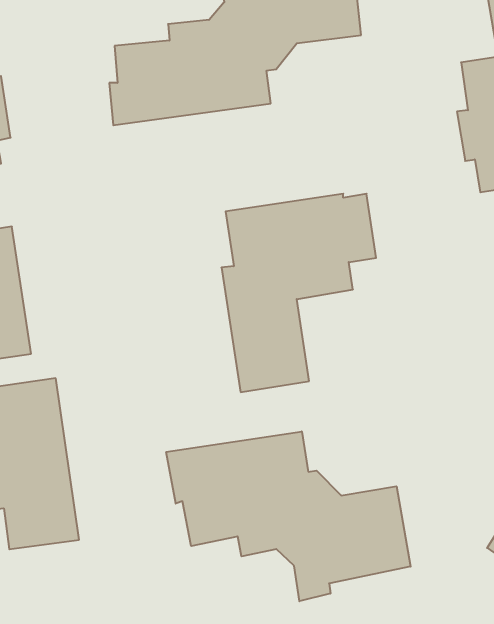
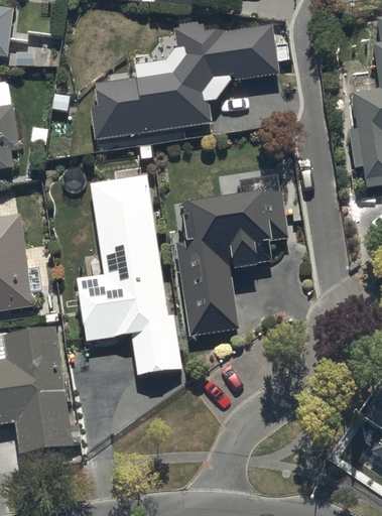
building: none -> [78,176,183,376]
building: [166,431,411,601] -> none

